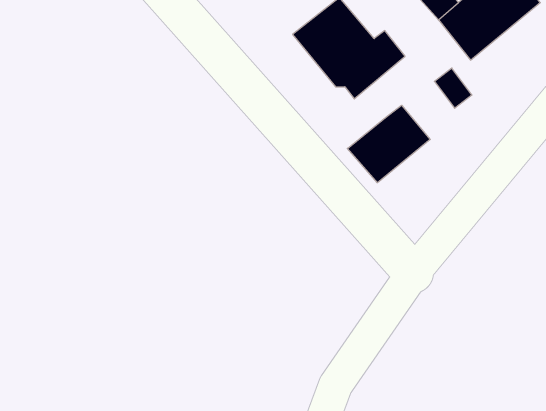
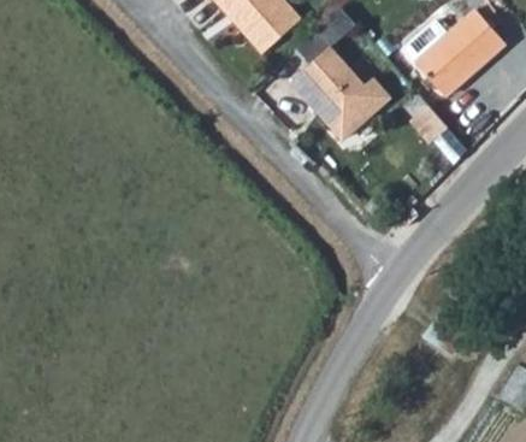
building: [347,105,430,183] -> none

